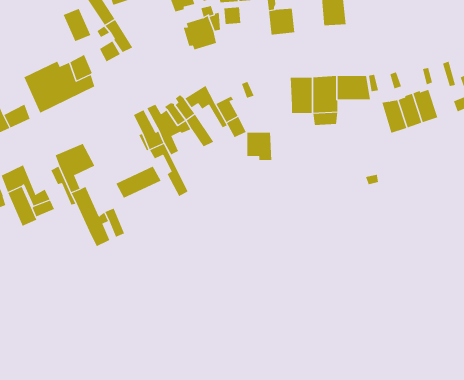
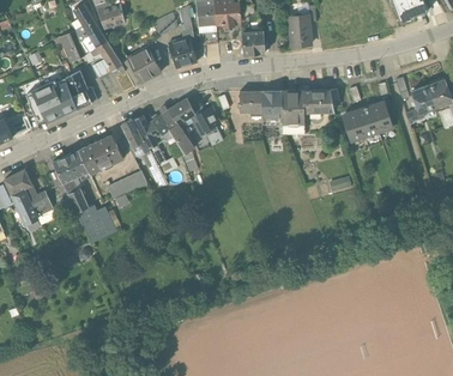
building: none -> [127,46,162,83]
building: none -> [78,134,122,174]
building: [246,132,272,161] -> [240,91,262,116]

